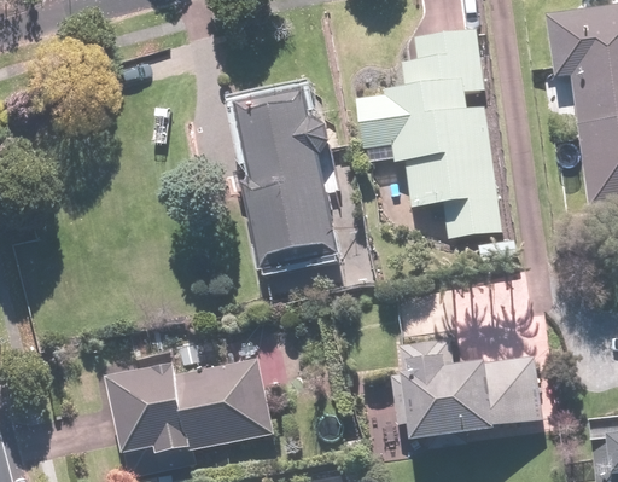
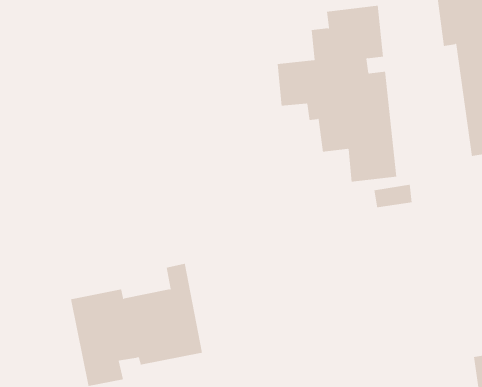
building: [234,89,338,257] -> none
building: [392,336,546,439] -> none

